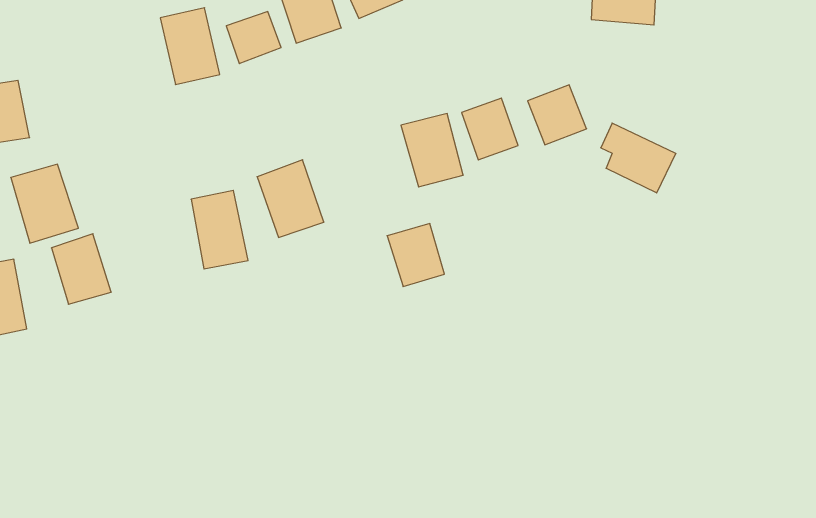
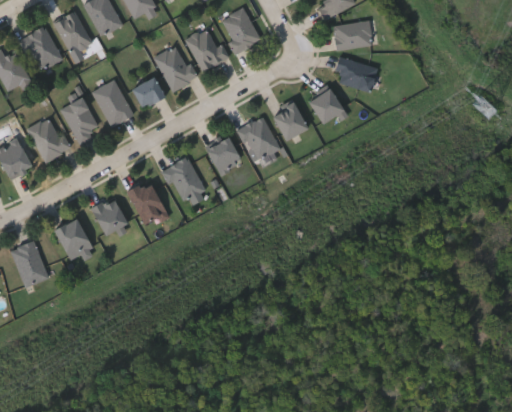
building: none -> [59,97,101,142]
building: [601,123,676,193] -> [334,56,377,91]
building: [11,164,78,243] -> [27,115,70,162]
building: none -> [93,199,125,234]
building: [387,224,444,287] -> [206,137,242,175]

